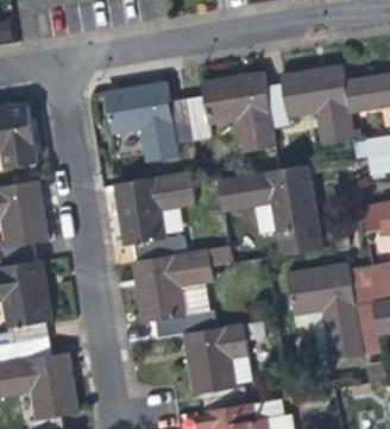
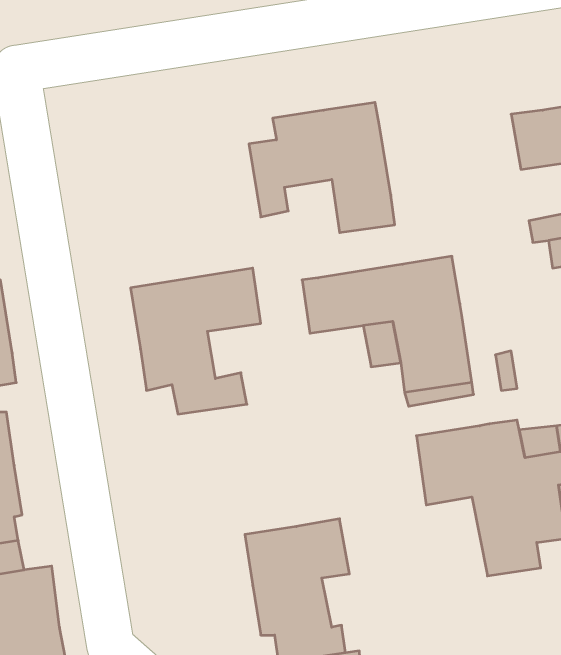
building: [265,64,354,141] -> none
building: [106,82,194,160] -> none
building: [133,250,215,336] -> none

